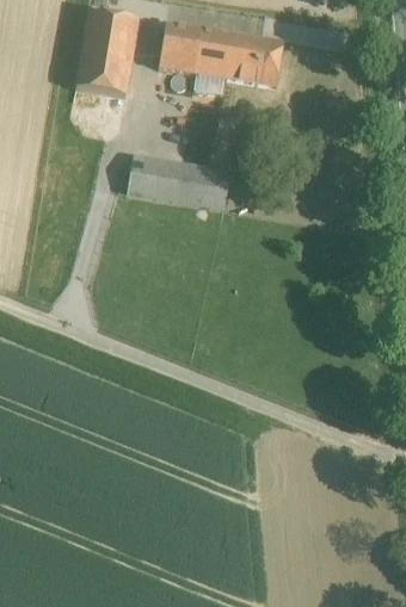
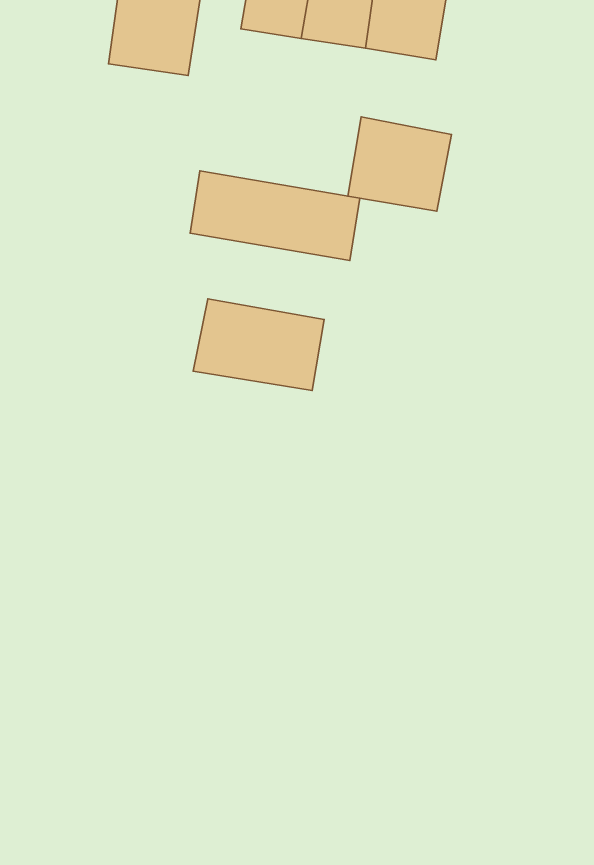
building: none -> [348,117,452,211]
building: none -> [193,299,324,391]

